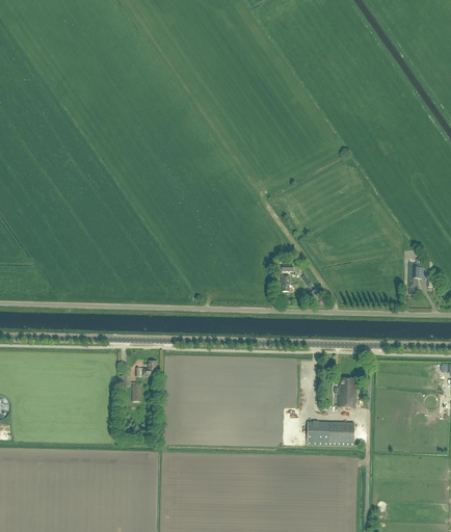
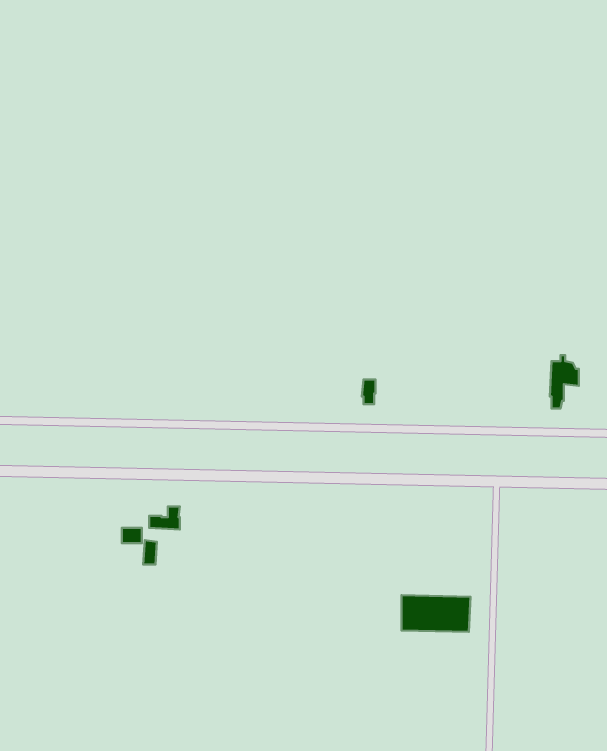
building: [337,377,355,407] -> none

